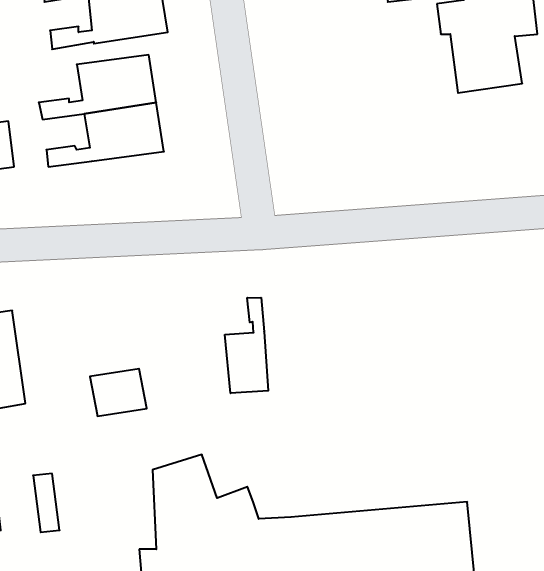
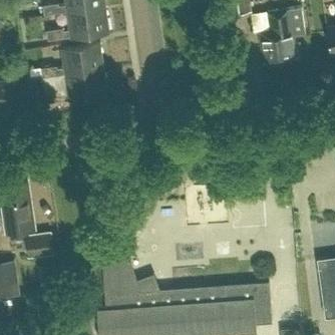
building: [225,298,268,393] -> none
building: [90,369,147,416] -> [25,233,55,258]

